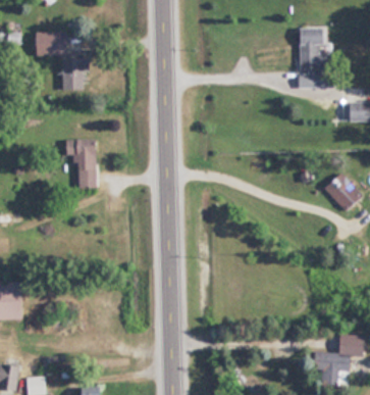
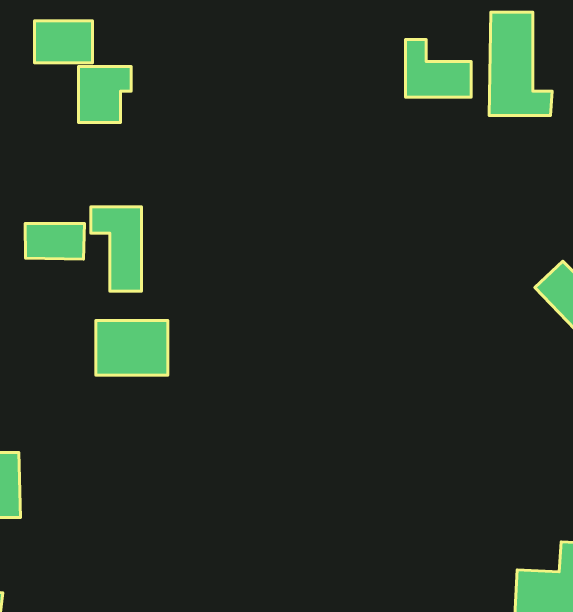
building: none -> [406,39,471,97]
building: none -> [25,224,84,259]
building: none -> [96,321,168,375]

